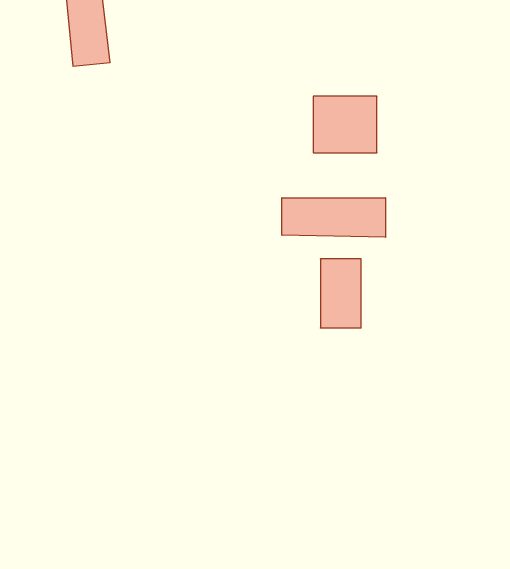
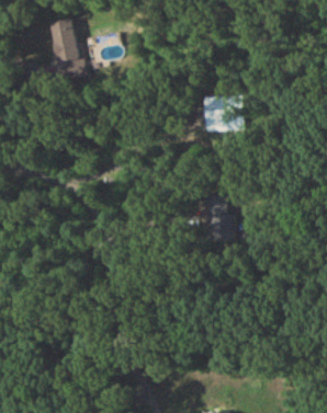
building: [282,198,386,237] -> none

